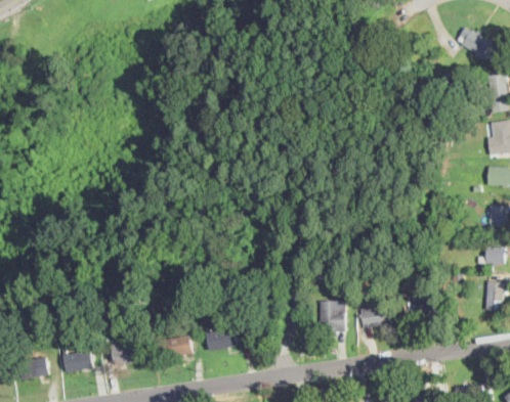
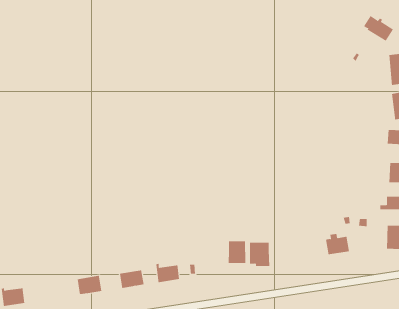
building: none -> [228,240,246,264]
building: [358,305,396,326] -> none
building: [61,351,92,372] -> none

